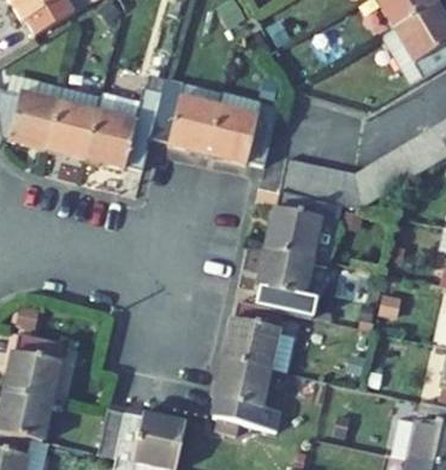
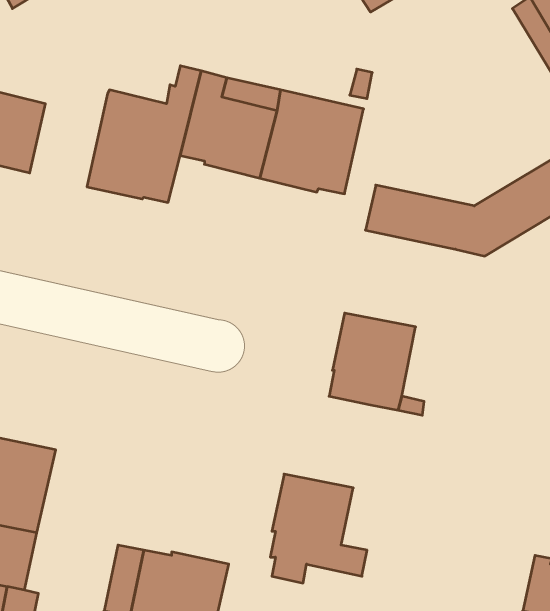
building: [47,85,101,160] -> none
building: [266,190,343,261] -> none
building: [224,302,296,373] -> none

